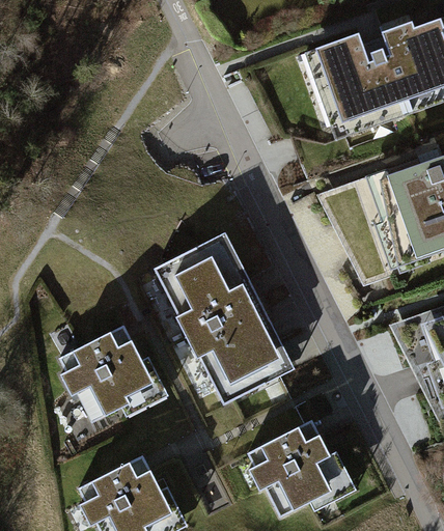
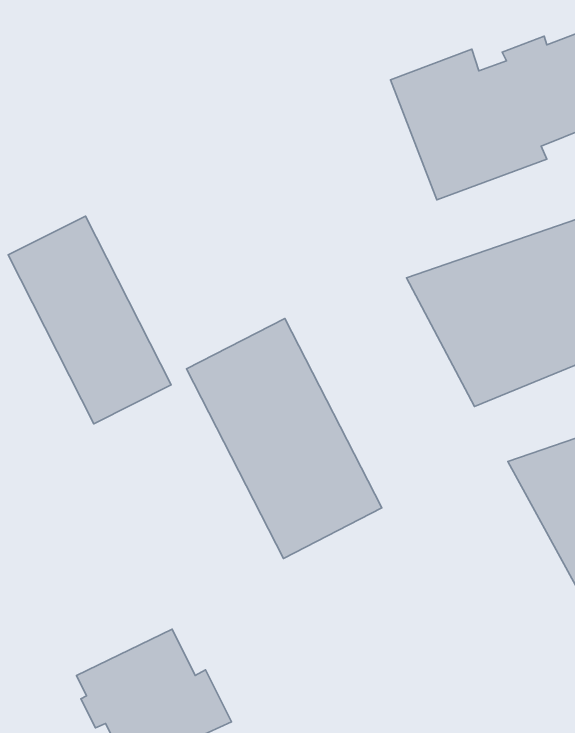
building: none -> [8,216,171,424]
building: [58,322,169,417] -> none
building: [246,418,357,513] -> none

